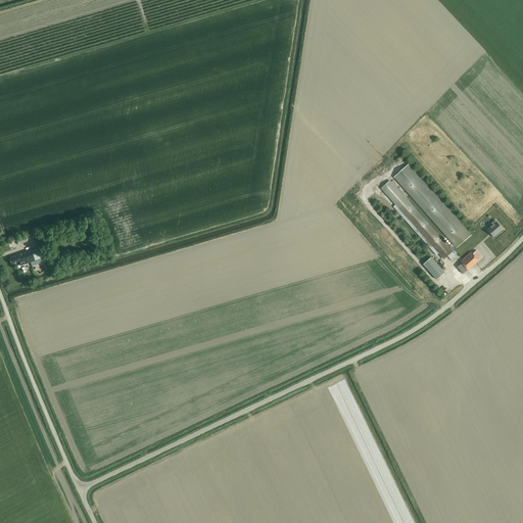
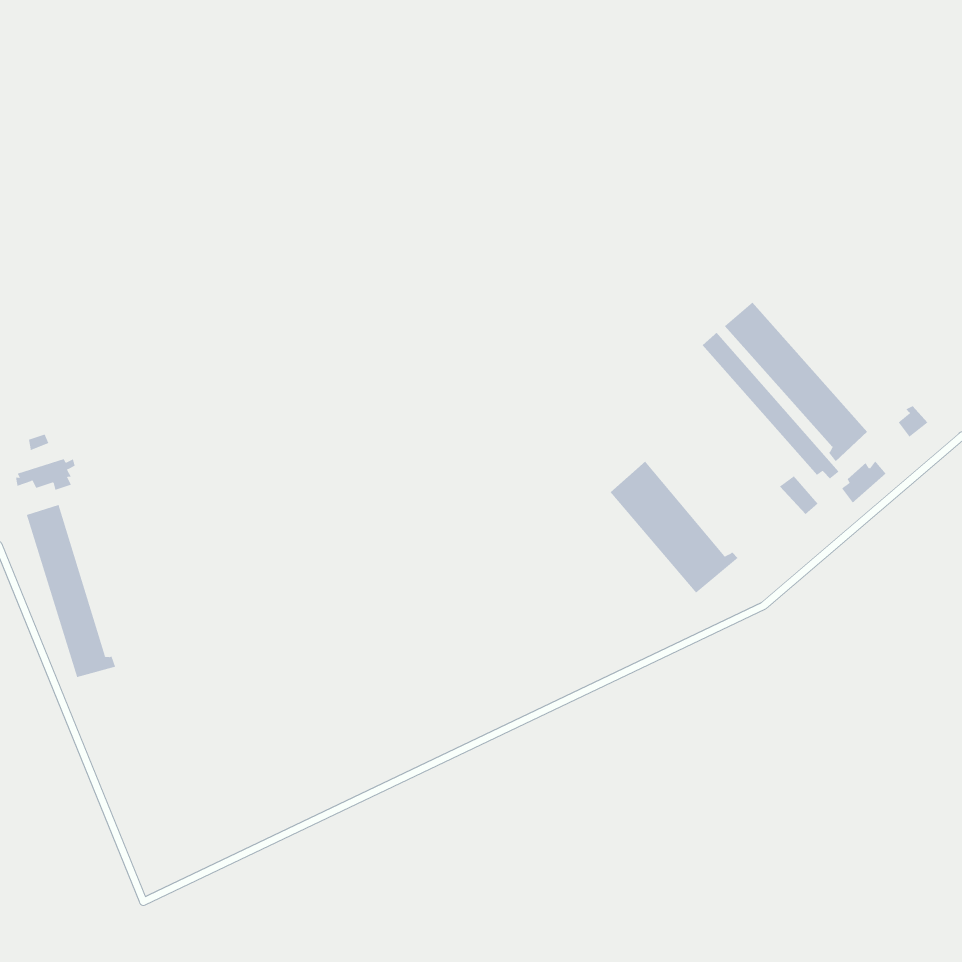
building: none -> [610,461,739,594]
building: none -> [26,504,116,678]

